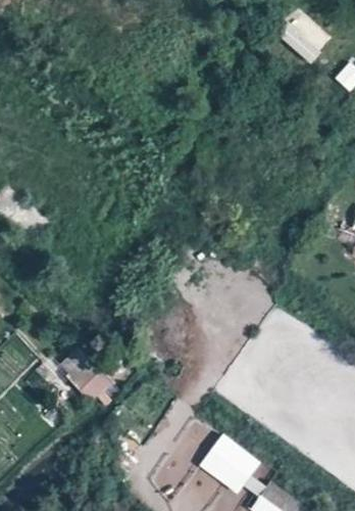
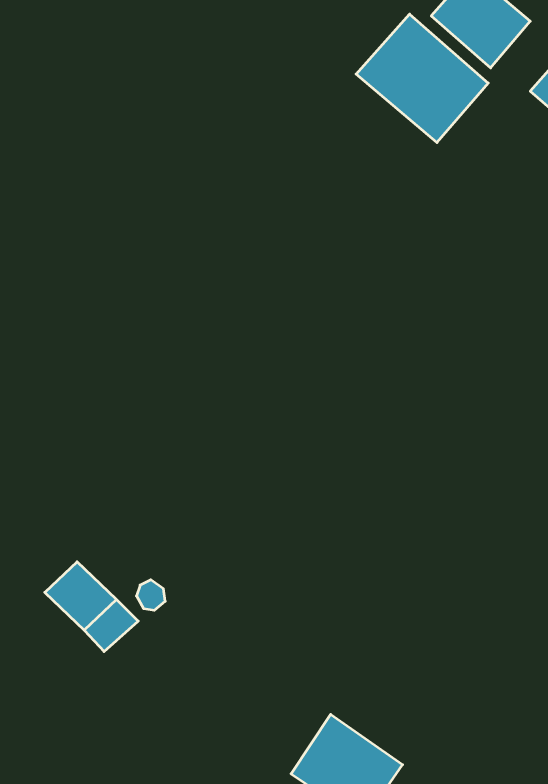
building: none -> [356,14,488,143]

